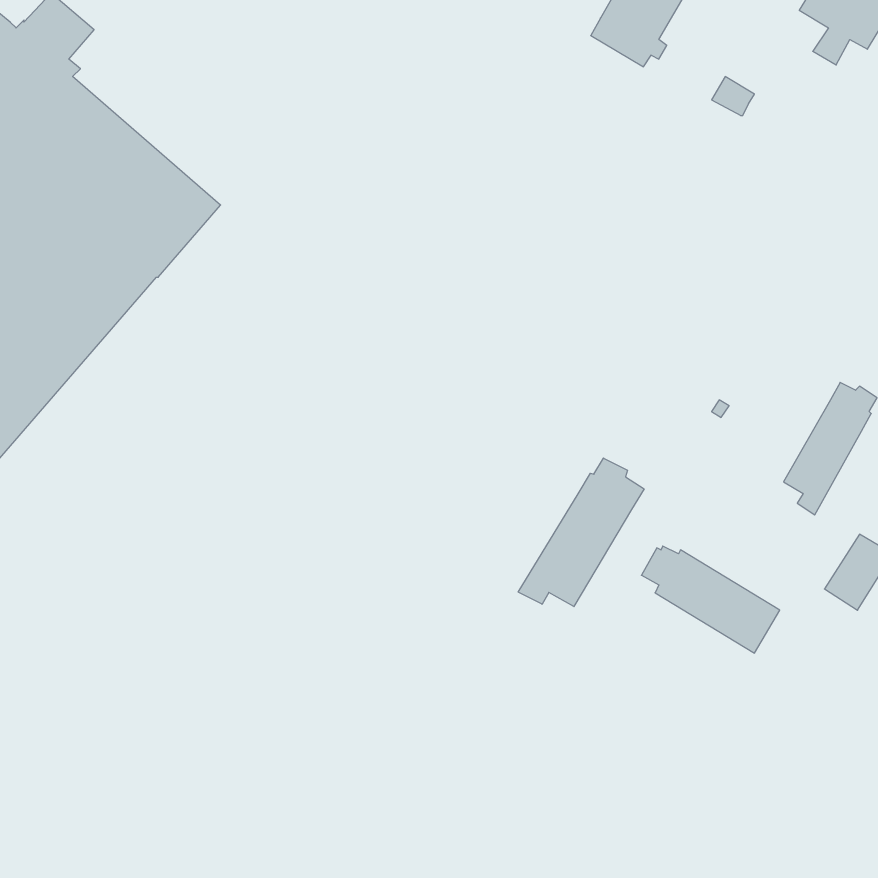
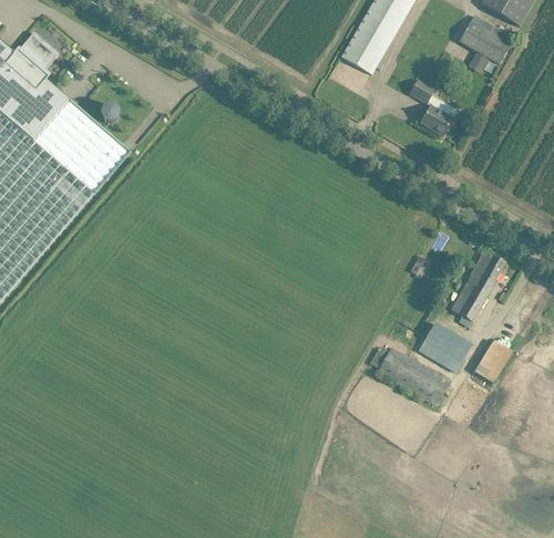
building: none -> [420,94,452,134]
building: [518,458,644,607] -> none
building: none -> [418,323,471,373]

